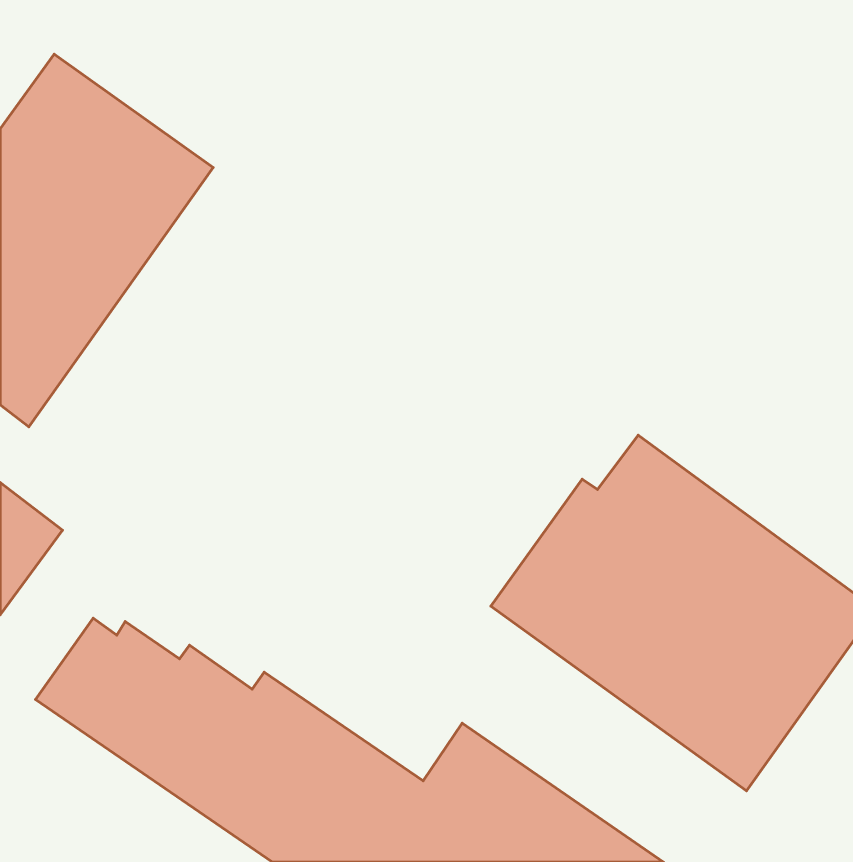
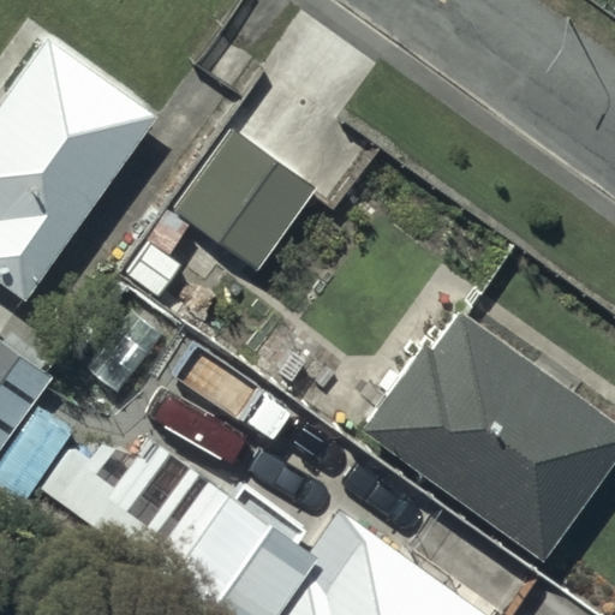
building: none -> [172,121,320,269]

